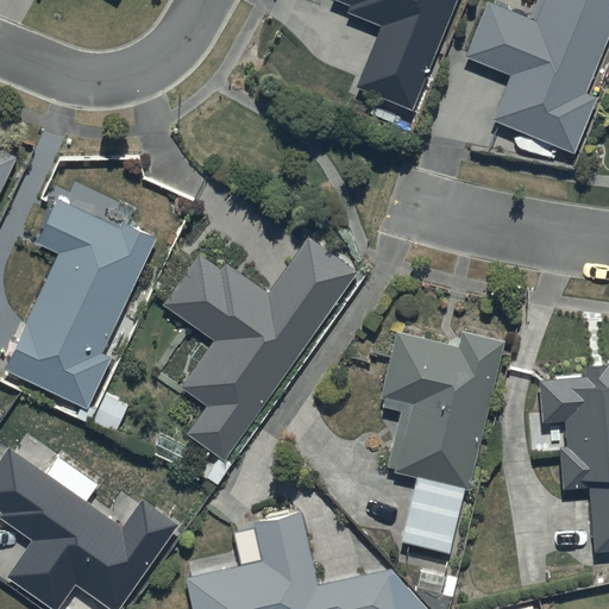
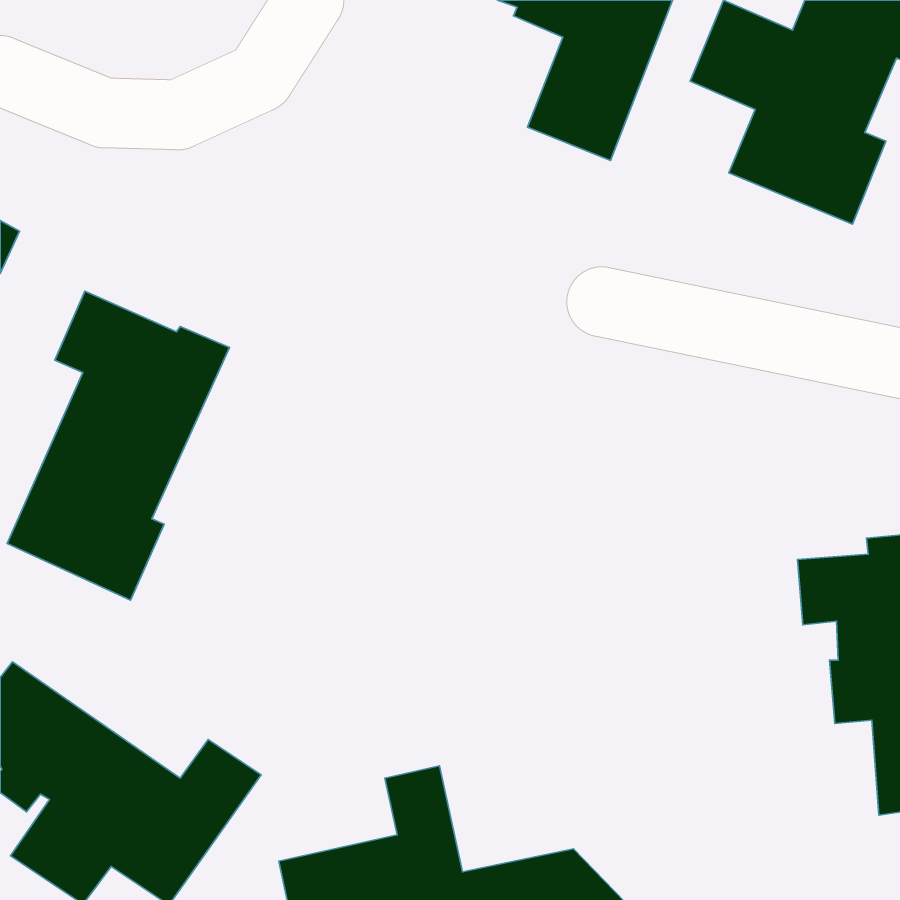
building: [163,236,357,462] -> none
building: [382,329,503,553] -> none

